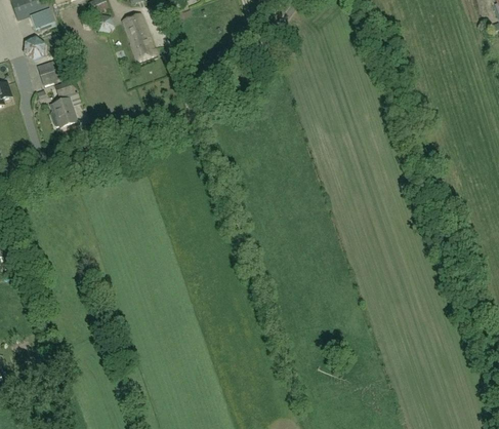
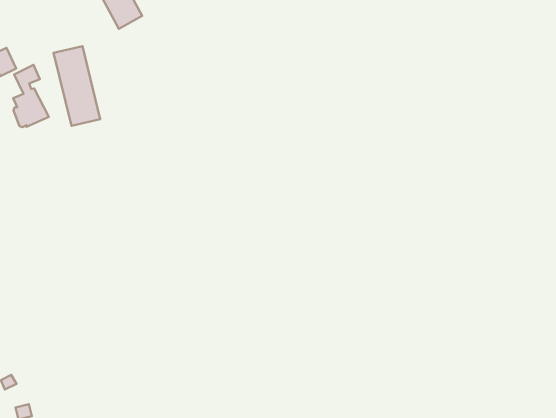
building: none -> [54,46,100,126]

